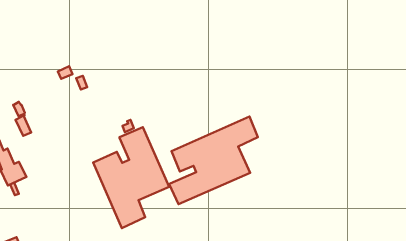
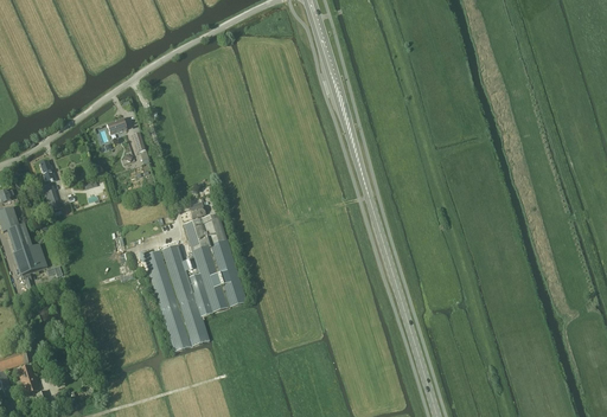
building: [169,116,258,204] -> none

